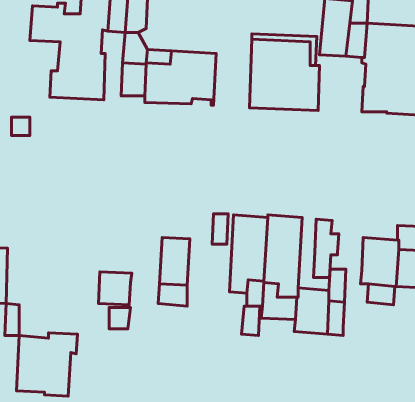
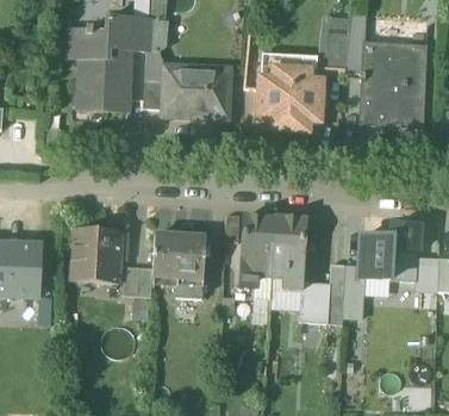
building: [314,219,339,277] -> [343,263,366,316]
building: none -> [152,232,180,277]
building: [17,333,77,396] -> [71,225,126,282]

